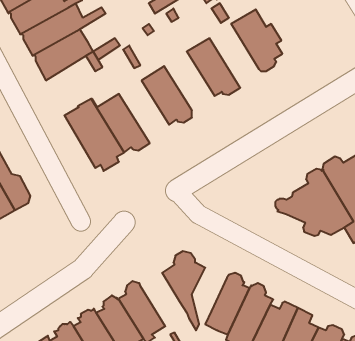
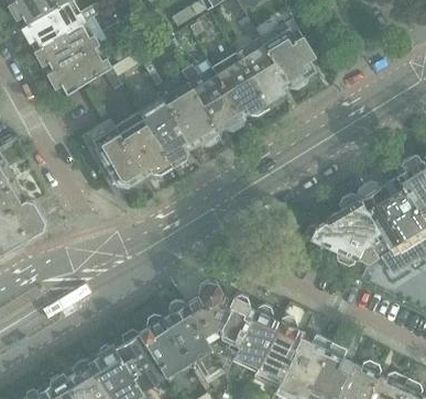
building: none -> [237,38,290,107]
building: none -> [181,59,244,131]
building: none -> [140,99,194,166]
building: none -> [218,293,255,373]
building: none -> [163,300,215,366]

